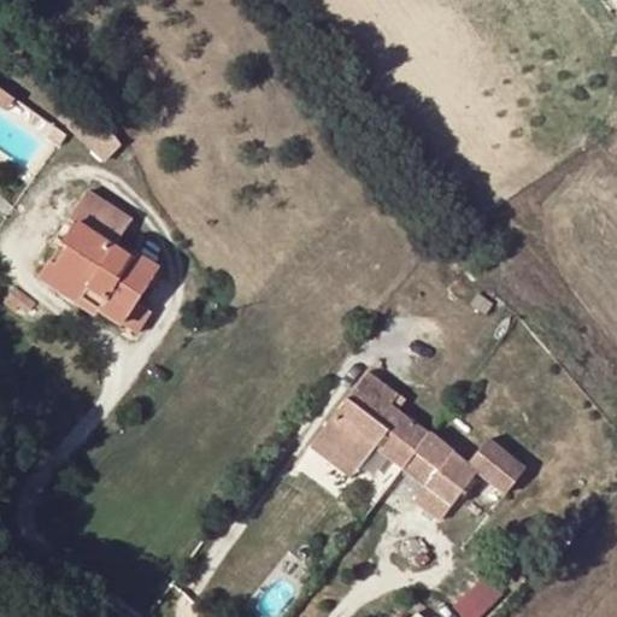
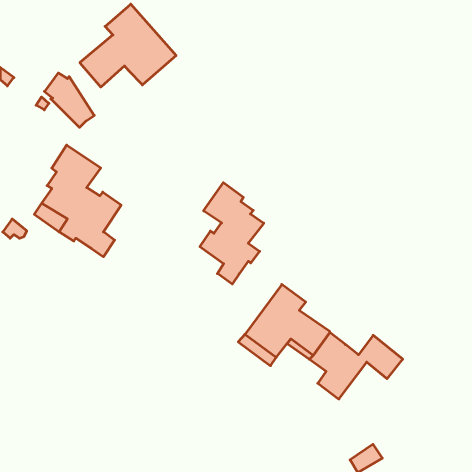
building: none -> [80,4,176,87]
building: none -> [200,183,264,284]

